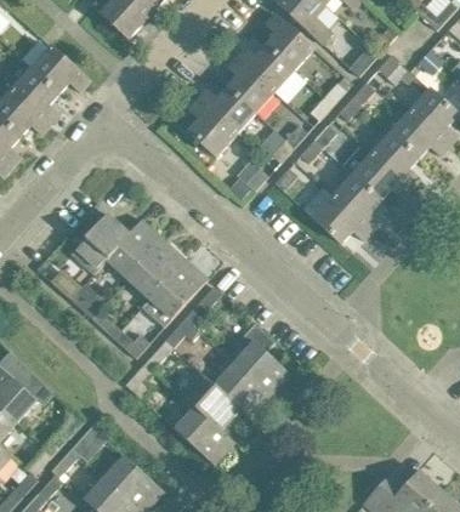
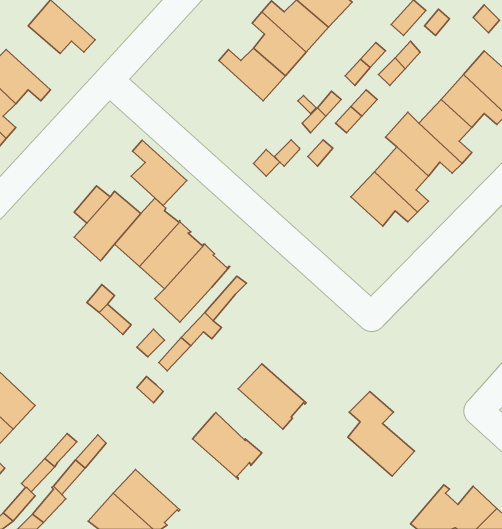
building: [12,68,59,124] -> none
building: [188,98,237,155] -> [131,140,187,206]
building: [235,323,294,397] -> [348,391,414,476]
building: [181,371,240,429] -> none

